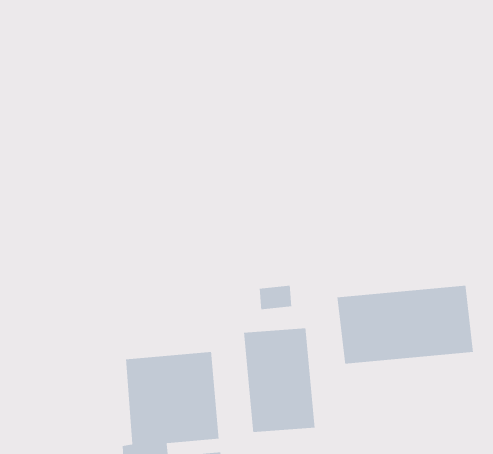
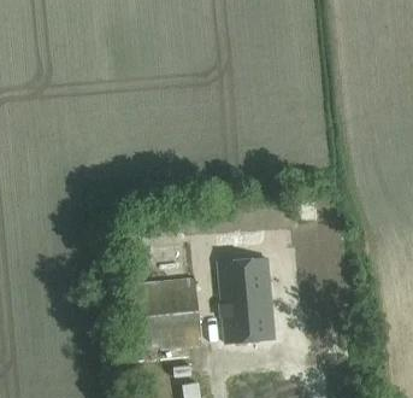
building: [337,285,474,365] -> none

